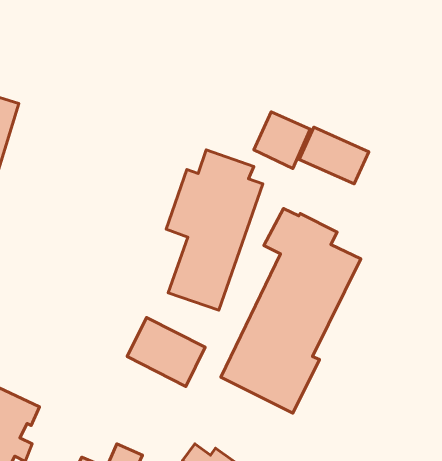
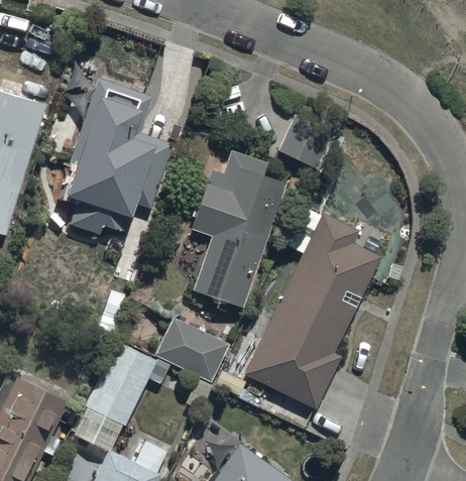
building: none -> [57,81,171,235]
building: [299,127,369,184] -> none
building: none -> [79,343,155,451]

